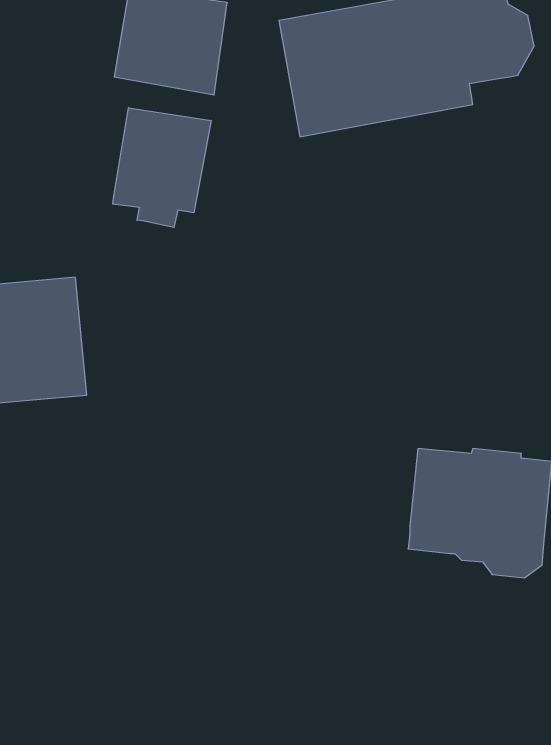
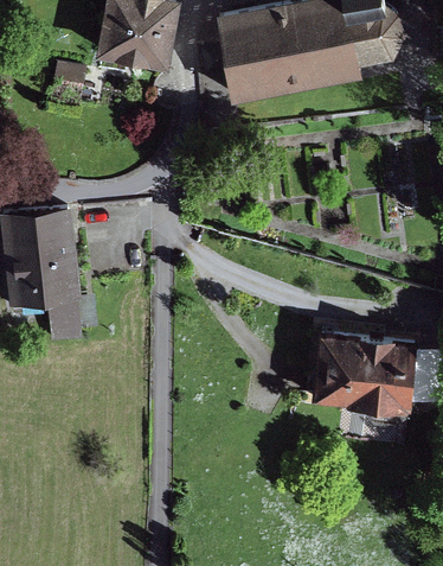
building: [113,108,211,228] -> none
building: none -> [47,294,81,346]

